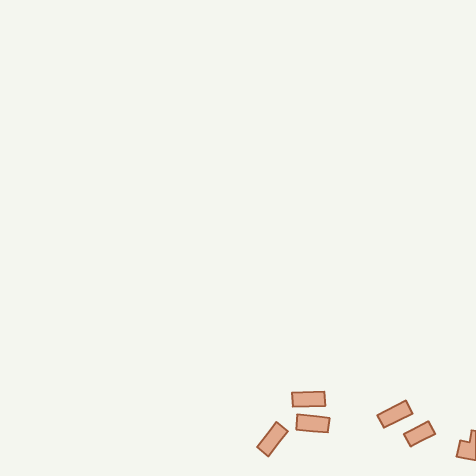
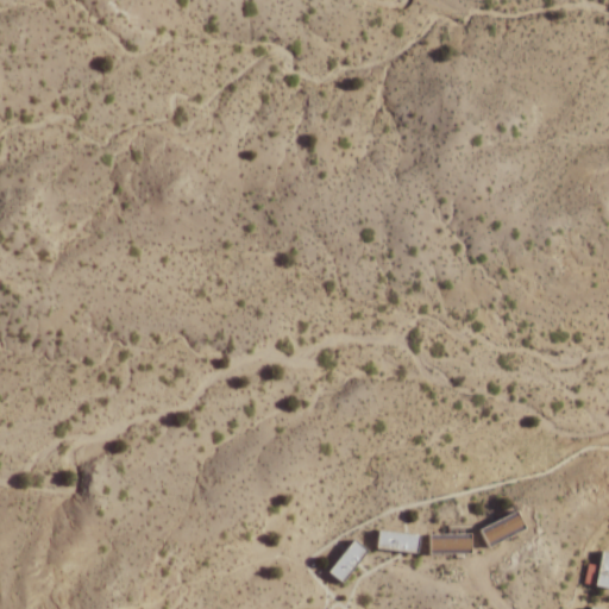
building: [292,392,325,407] -> [429,535,472,554]
building: [404,421,435,447] -> none

